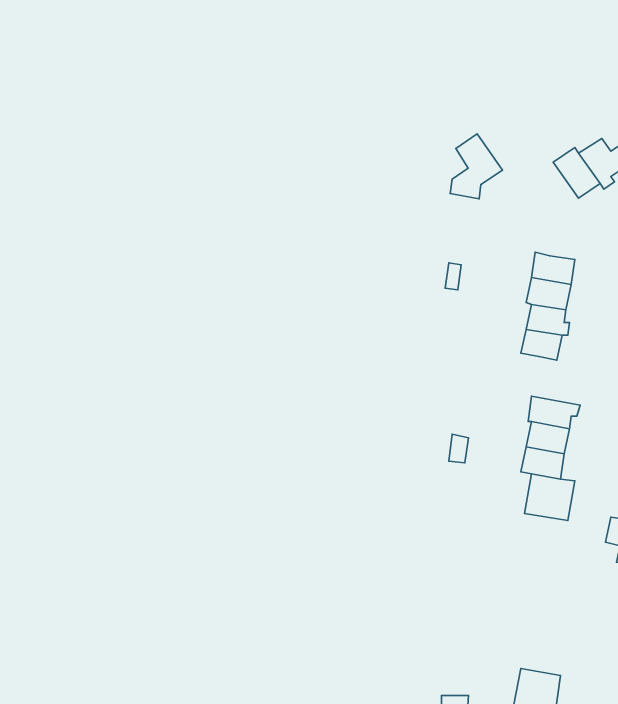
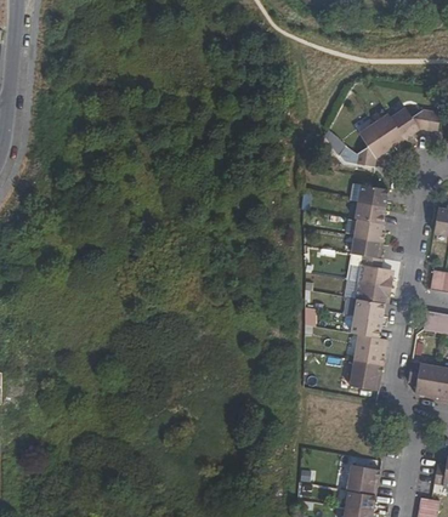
building: [450,134,503,199] -> [355,123,390,166]
building: none -> [358,254,392,286]
building: none -> [348,359,382,390]

